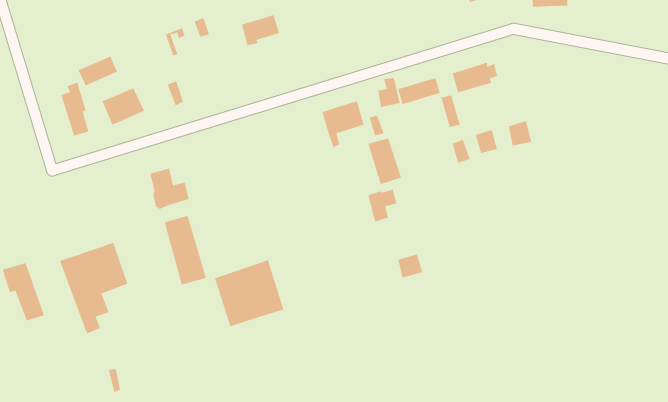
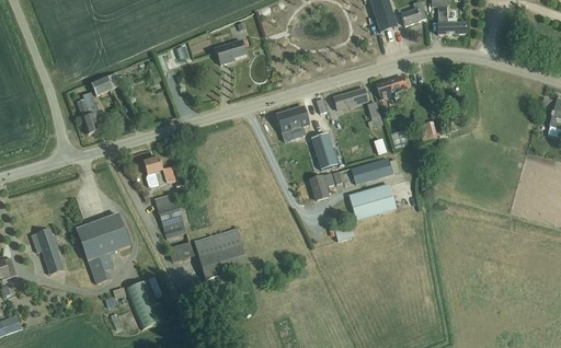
building: [102,87,145,126] -> none
building: none -> [333,158,392,184]
building: none -> [348,184,396,219]
building: none -> [123,279,161,329]

